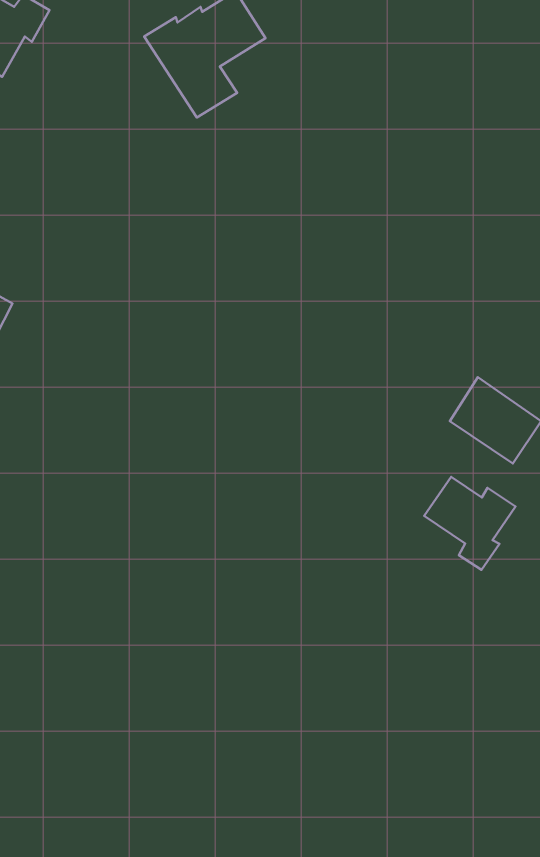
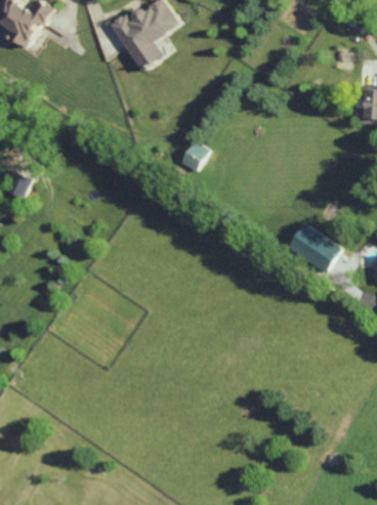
building: none -> [179,140,207,171]
building: [424,477,516,570] -> none

